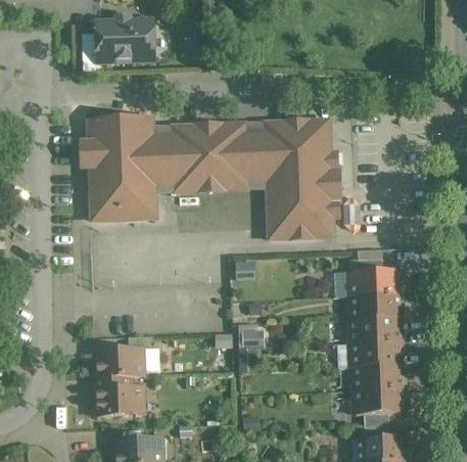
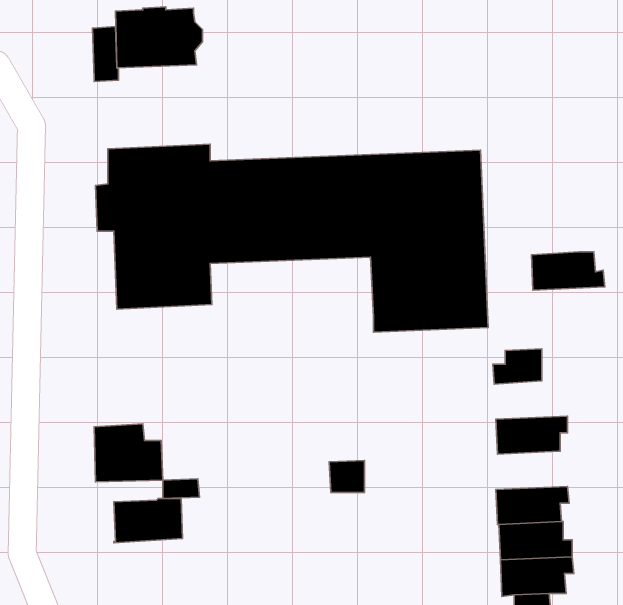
building: [349,271,399,296] -> [531,252,605,290]
building: [349,318,399,343] -> none
building: [95,377,141,416] -> [94,424,163,482]

